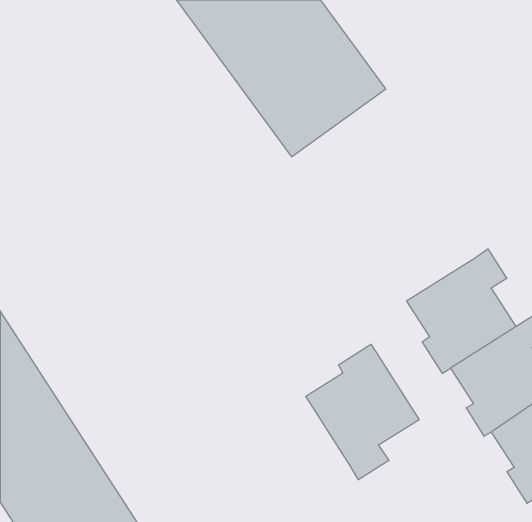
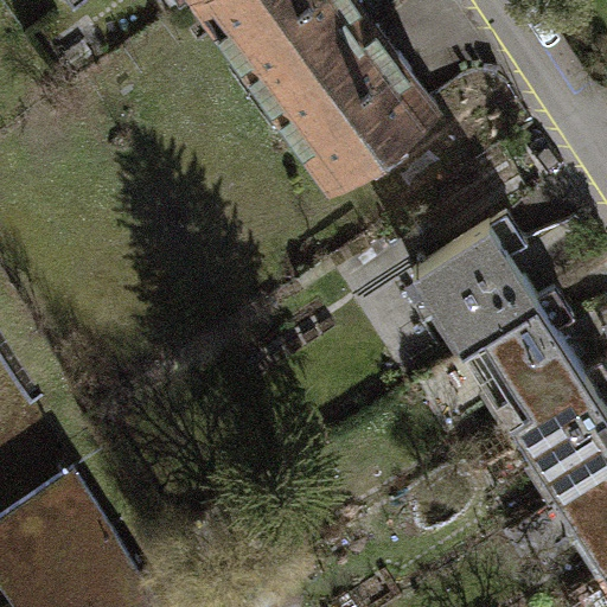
building: none -> [416,219,541,360]
building: [306,344,419,480] -> none

